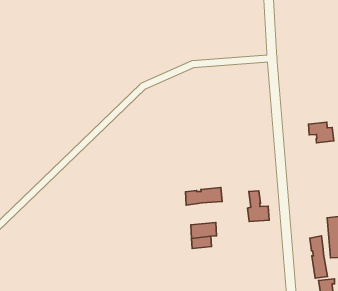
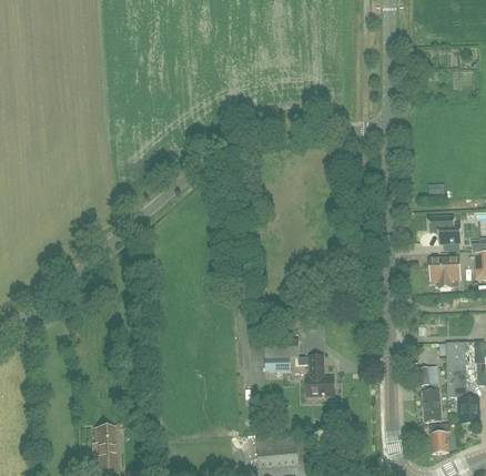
building: none -> [429,257,459,287]
building: [185,187,222,205] -> none
building: [247,191,269,222] -> [306,356,334,396]

